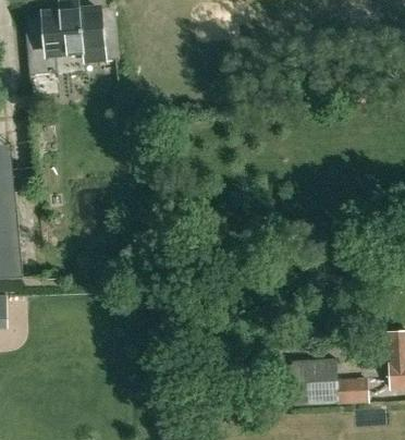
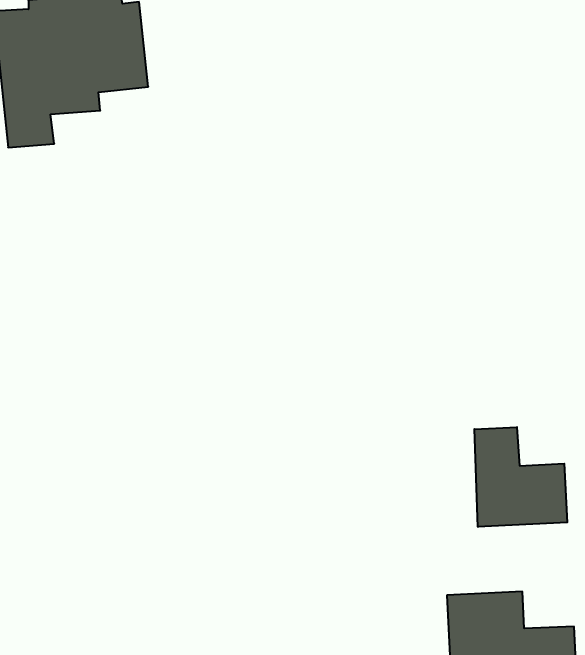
building: none -> [474,427,567,527]

